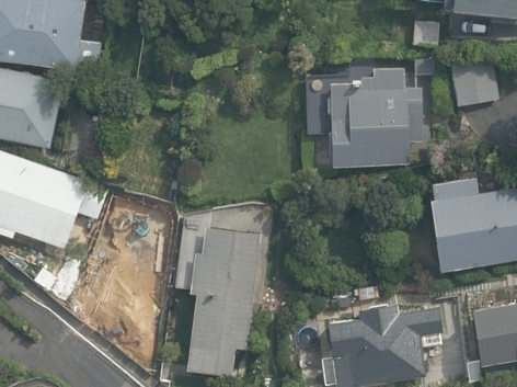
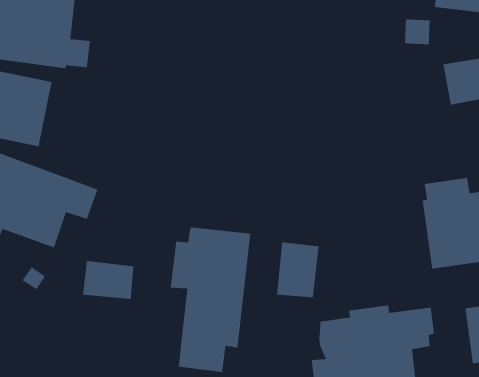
building: [306,68,423,166] -> none
building: none -> [276,241,320,298]
building: none -> [82,260,134,300]

